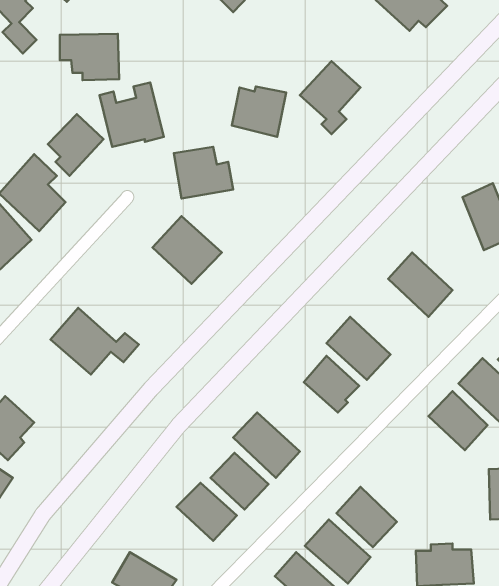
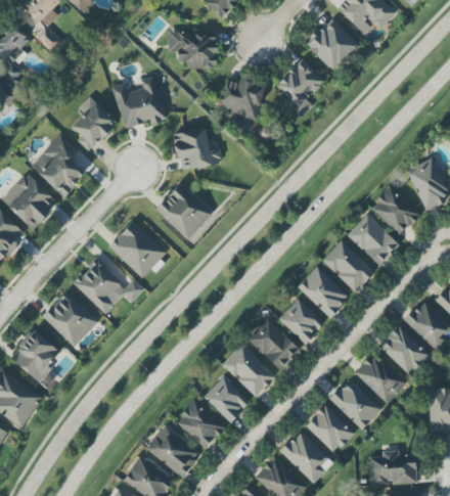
building: none -> [305,17,359,72]
building: [60,34,119,80] -> [168,31,216,69]
building: none -> [370,187,419,235]
building: none -> [108,220,169,278]
building: none -> [321,239,374,291]
building: none -> [42,291,98,347]
building: none -> [247,318,300,369]
building: none -> [354,353,405,403]
building: none -> [329,378,381,430]
building: none -> [145,426,199,477]

